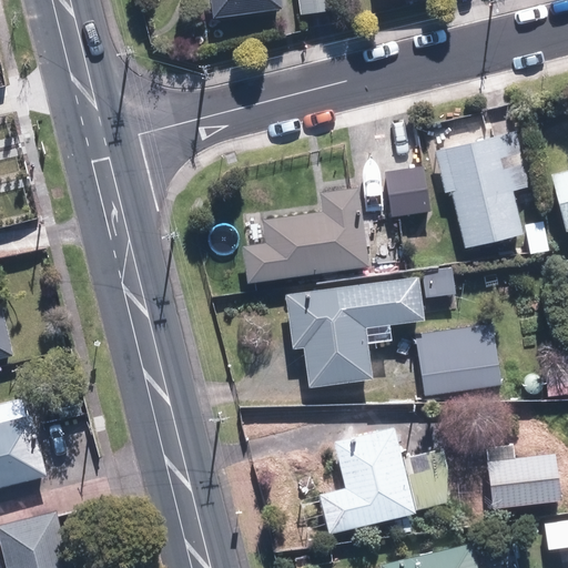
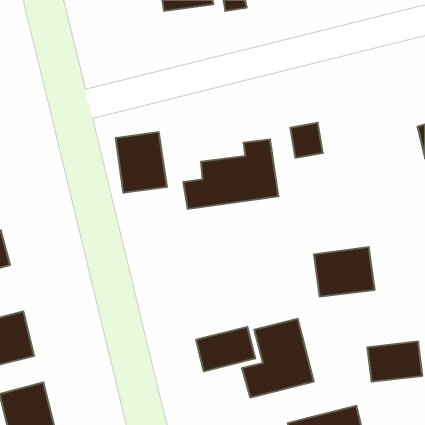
building: [436,130,528,244] -> none
building: none -> [116,132,167,193]
building: [282,281,418,388] -> none
building: none -> [196,327,255,371]

